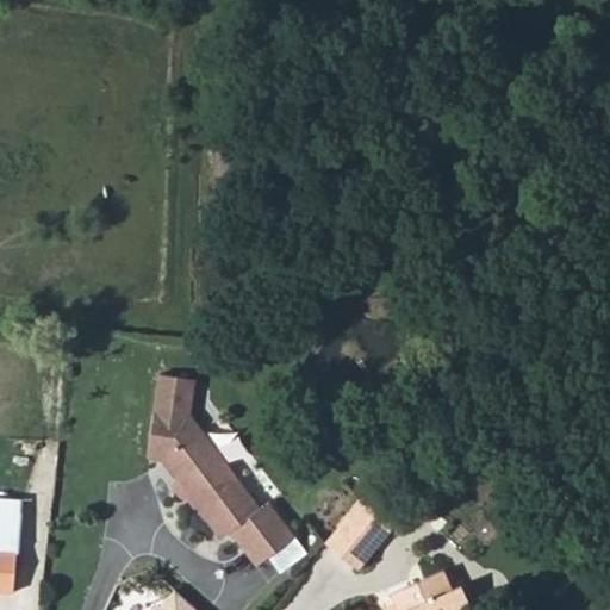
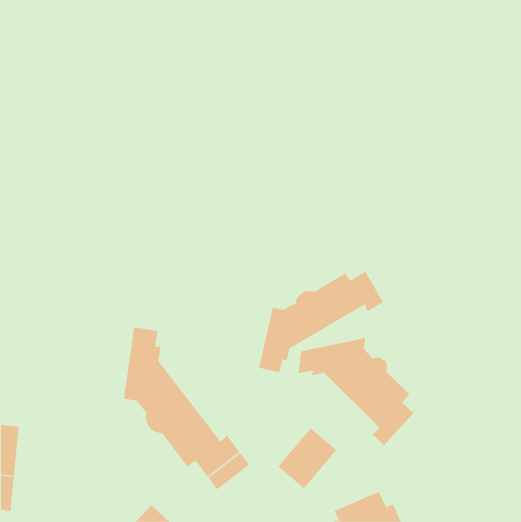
building: none -> [258,271,384,373]
building: none -> [298,337,414,446]

